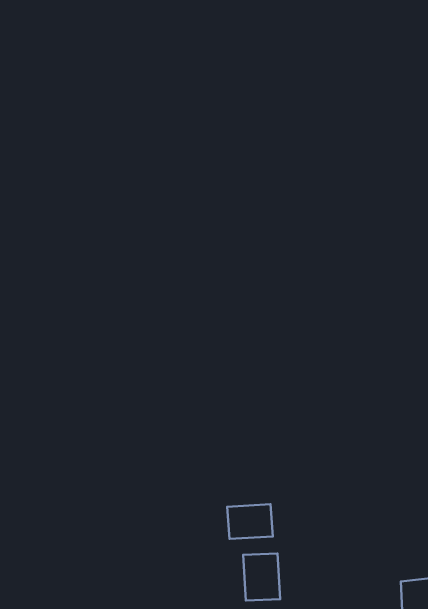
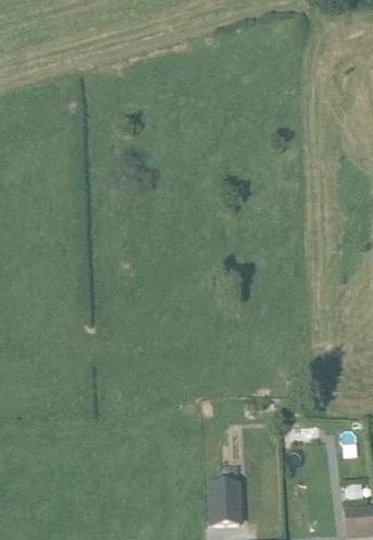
building: [227,504,273,539] -> none

